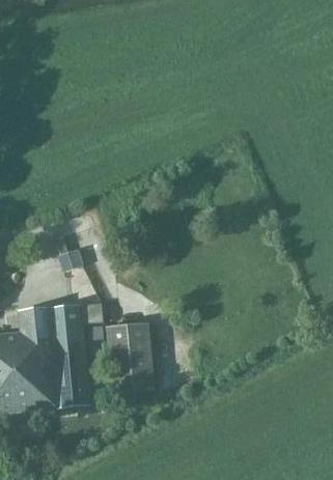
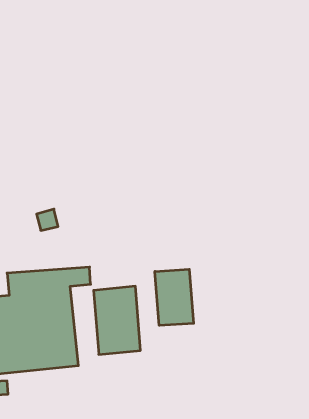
building: none -> [155,269,194,325]

